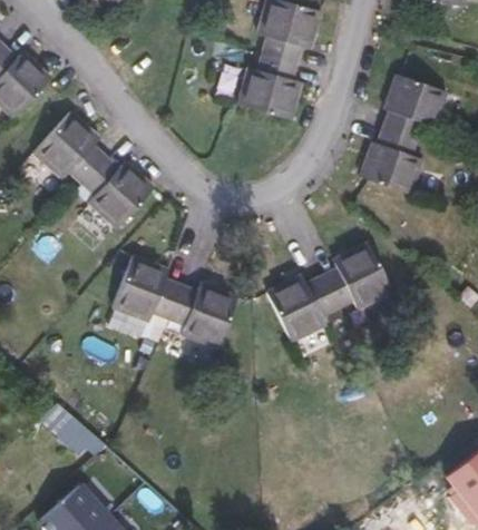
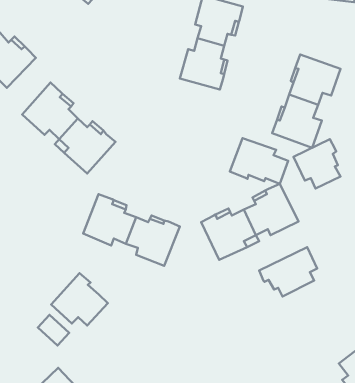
building: none -> [230,138,288,184]
building: none -> [294,139,340,188]
building: none -> [259,247,317,296]
building: none -> [51,273,108,326]

